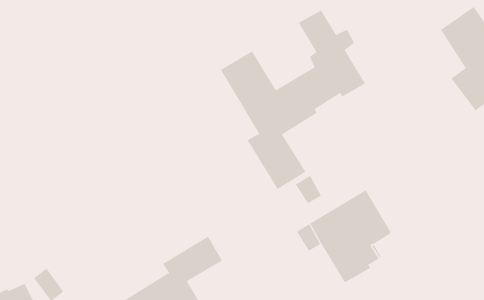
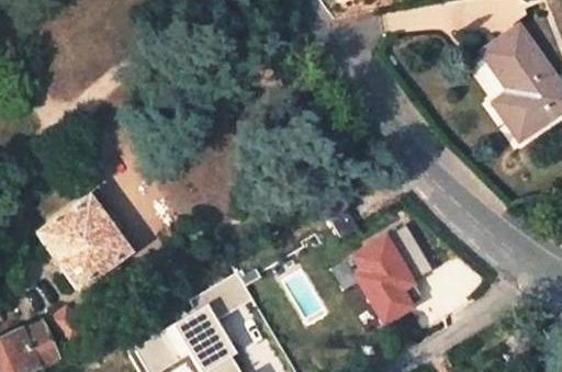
building: [220,10,366,190] -> none
building: none -> [41,196,130,289]

